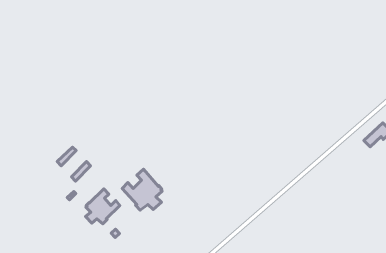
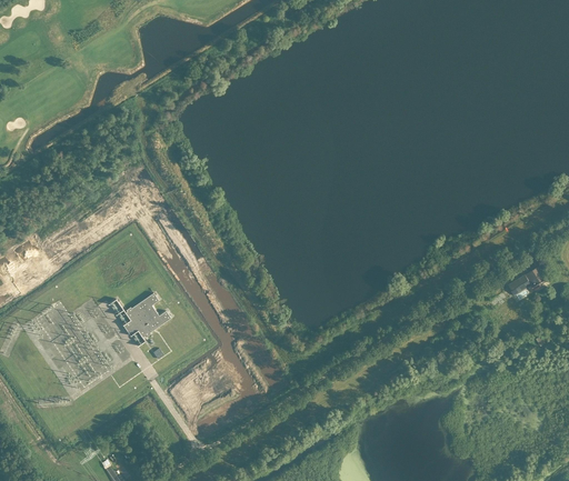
building: [122,169,162,210] -> none

